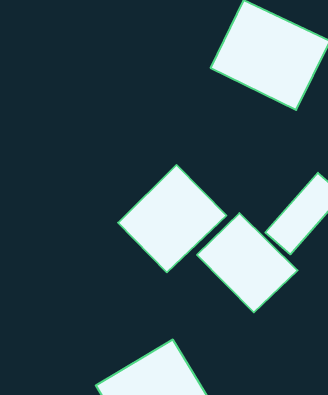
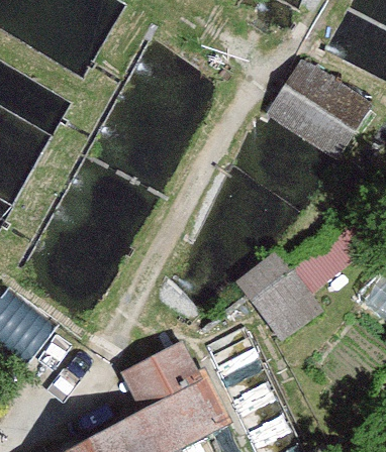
building: [118,165,226,272] -> none

